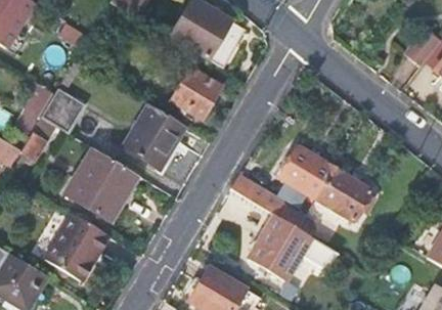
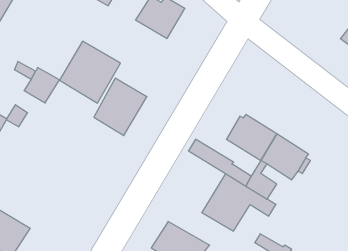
building: [171,68,221,119] -> none
building: [67,148,137,220] -> [59,41,120,103]
building: [45,214,107,281] -> none

